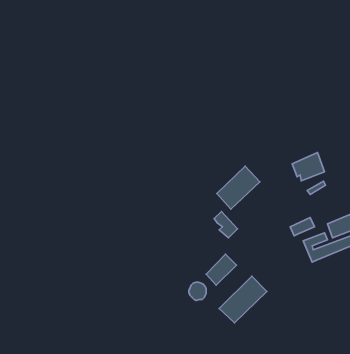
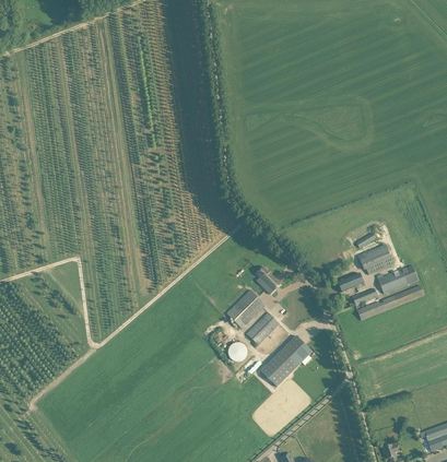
building: [292,153,325,181] -> [358,244,393,274]
building: [217,166,260,209] -> none
building: none -> [226,289,266,328]

